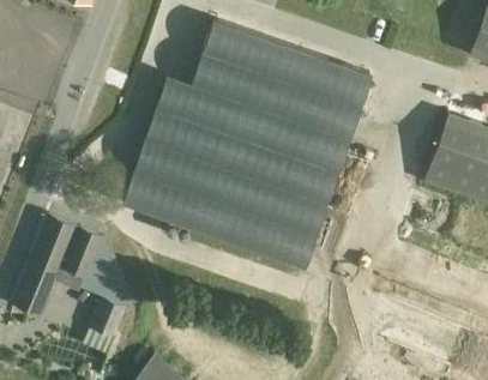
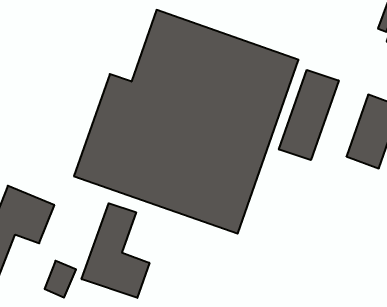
building: none -> [279,70,339,160]
building: none -> [82,203,149,298]

